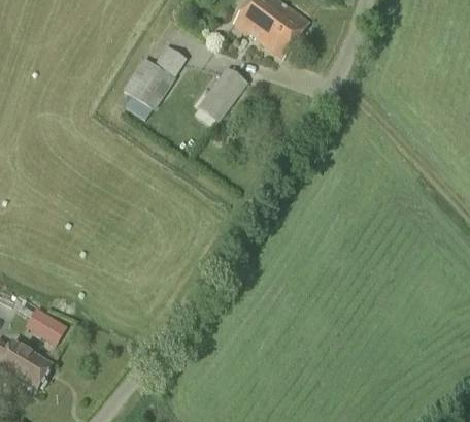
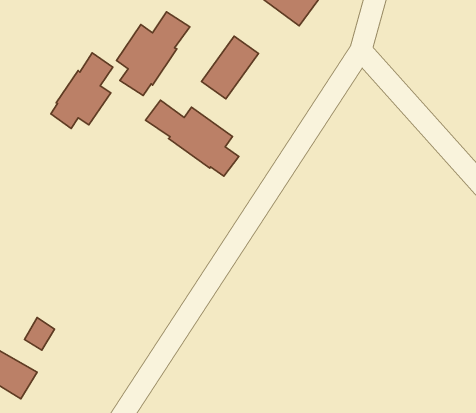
building: none -> [51,53,113,128]
building: none -> [146,100,239,176]

